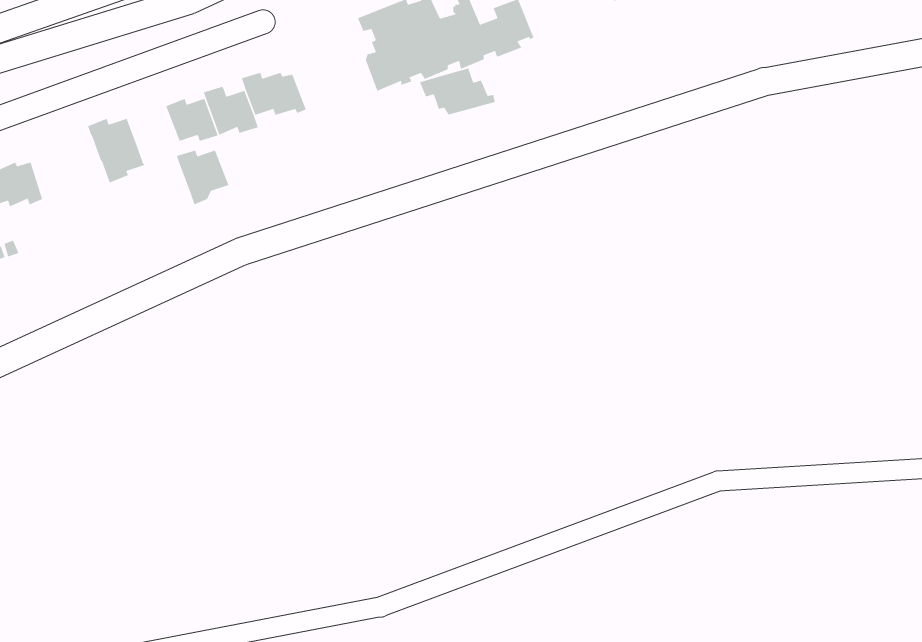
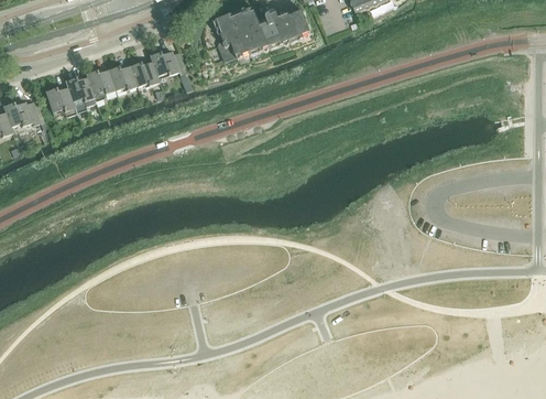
building: [419,68,496,116] -> none
building: none -> [44,86,76,116]
building: [176,150,230,206] -> [85,69,114,100]

